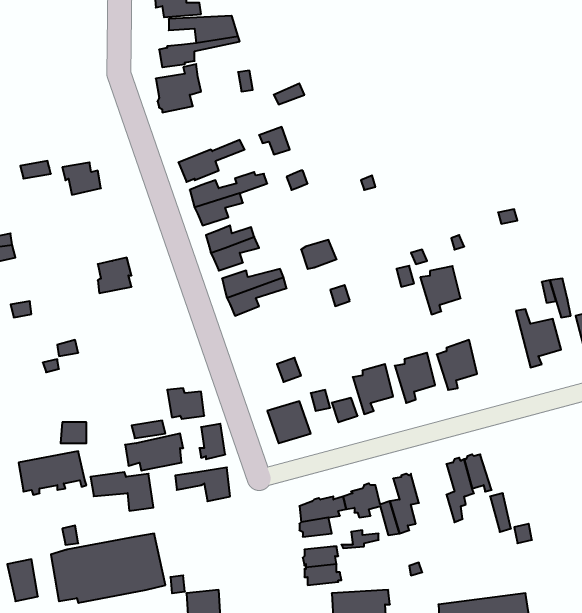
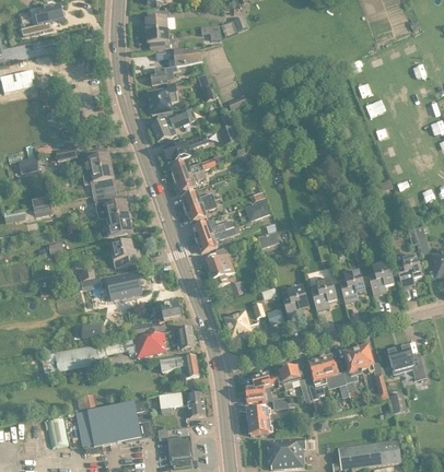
building: none -> [151,110,191,142]
building: none -> [83,166,114,190]
building: none -> [95,194,128,219]
building: [420,266,461,314] -> [366,262,394,295]
building: none -> [109,241,141,268]
building: none -> [207,246,235,286]
building: none -> [108,273,141,299]
building: none -> [387,344,425,379]
building: none -> [320,356,350,398]
building: [90,472,153,511] -> [163,391,206,417]

